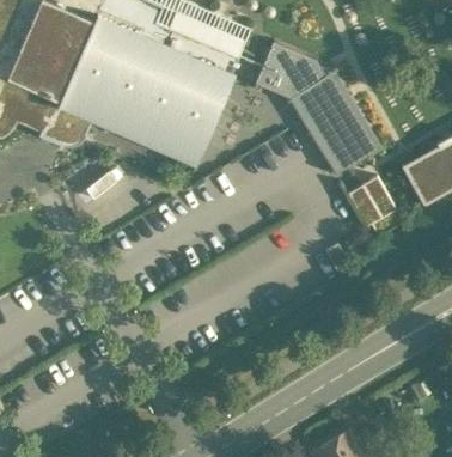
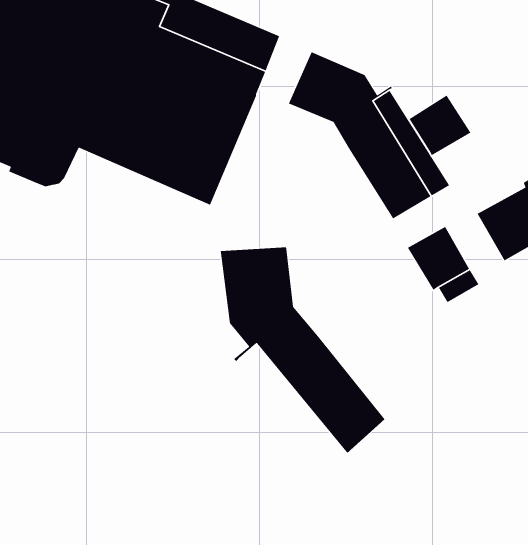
building: none -> [408,95,471,156]
building: none -> [220,246,385,454]

